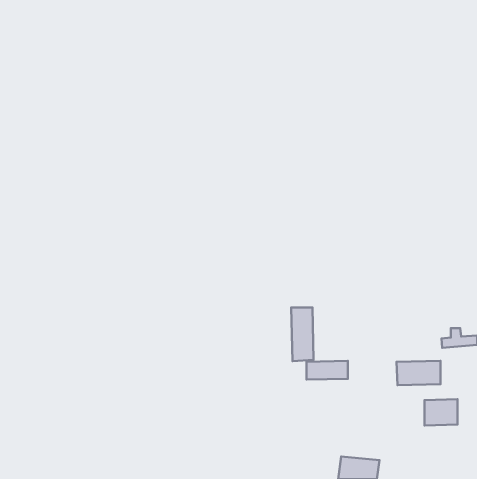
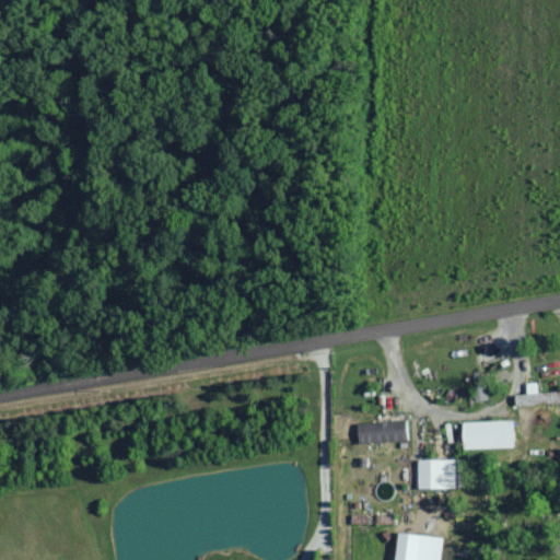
building: [291,307,314,361] -> none
building: [425,399,457,425] -> [418,459,456,490]

